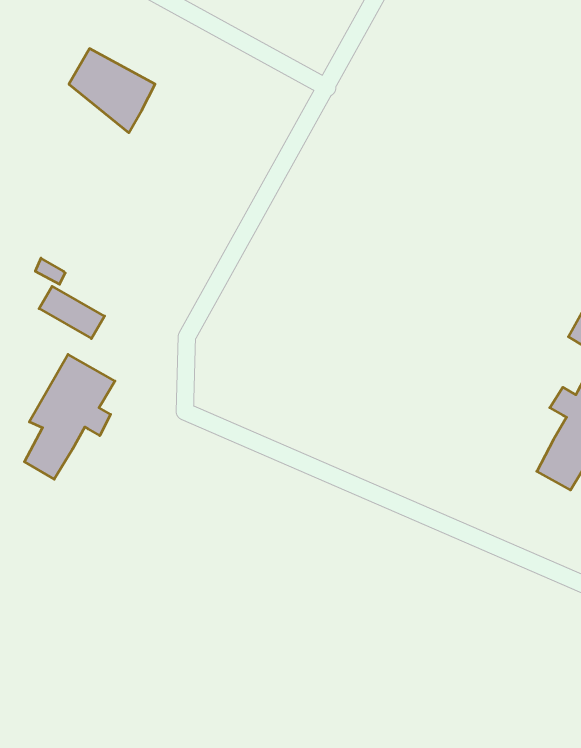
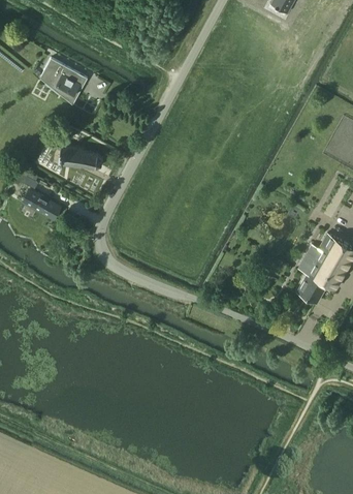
building: none -> [57,147,103,169]
building: [24,354,115,479] -> none

